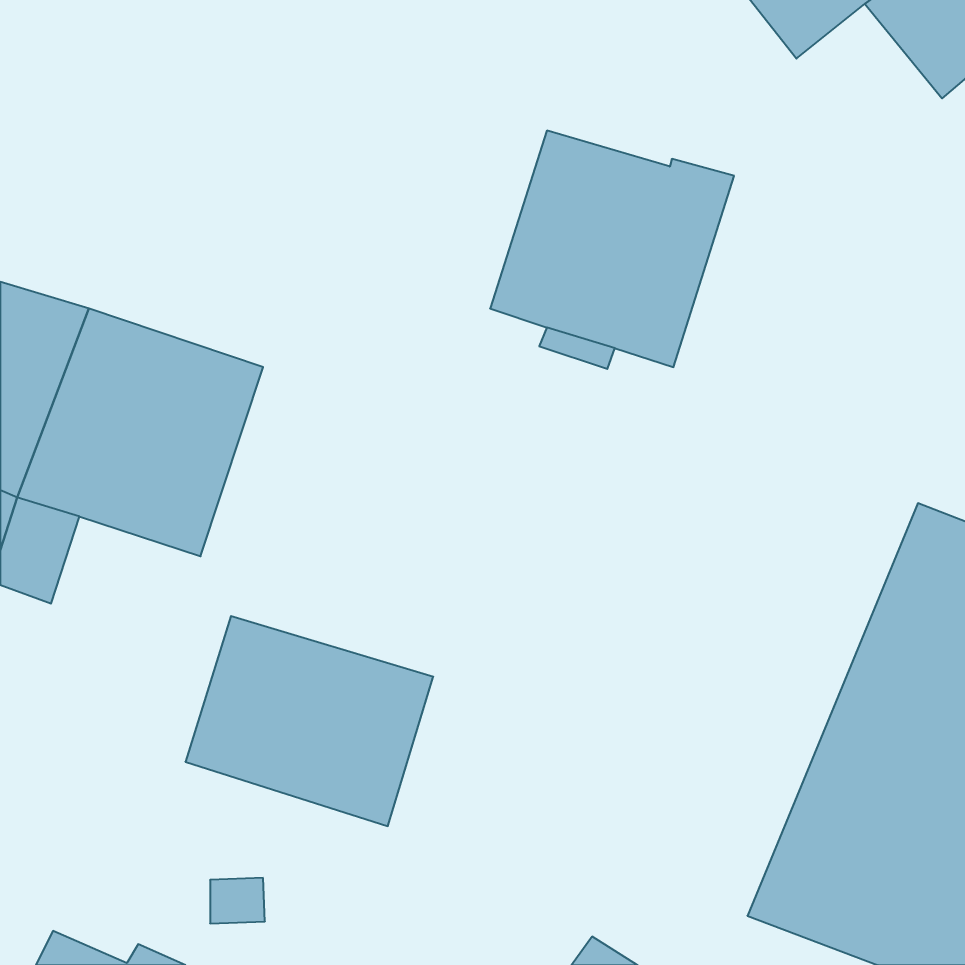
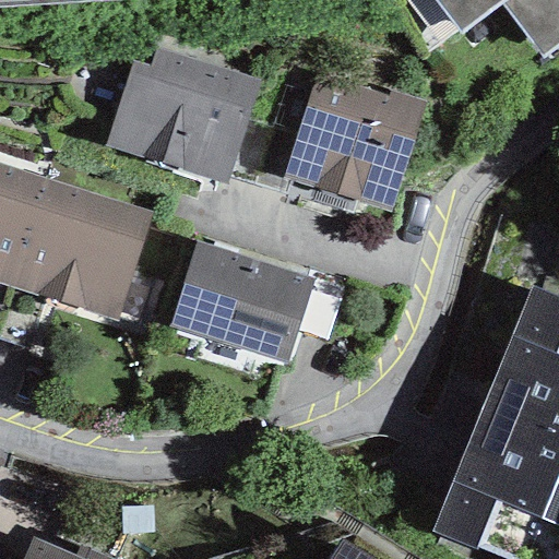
building: none -> [104,49,260,183]
building: [185,616,433,826] -> [170,242,313,364]

